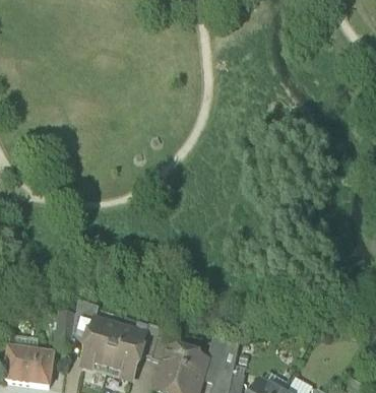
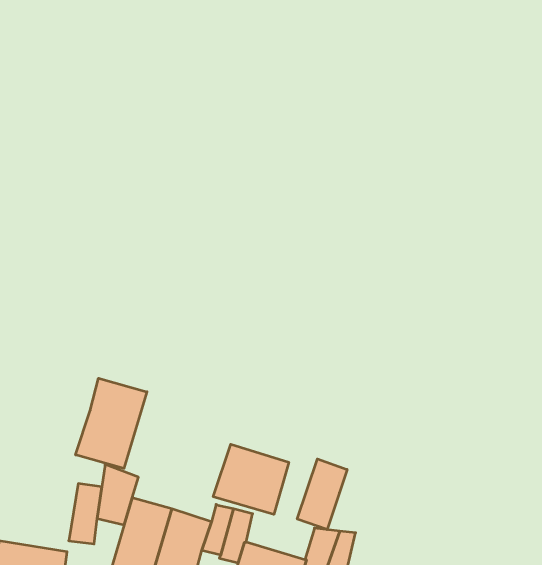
building: none -> [76,378,147,468]
building: none -> [213,444,289,514]
building: none -> [297,459,347,530]

